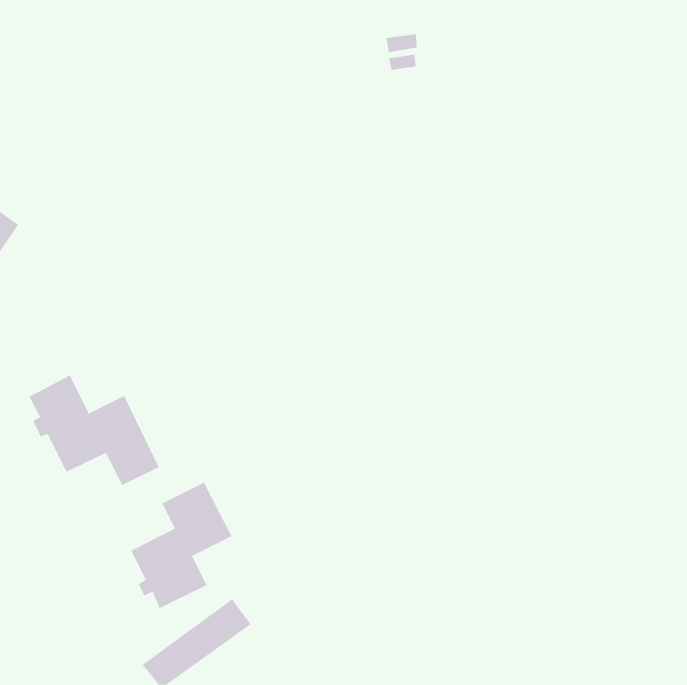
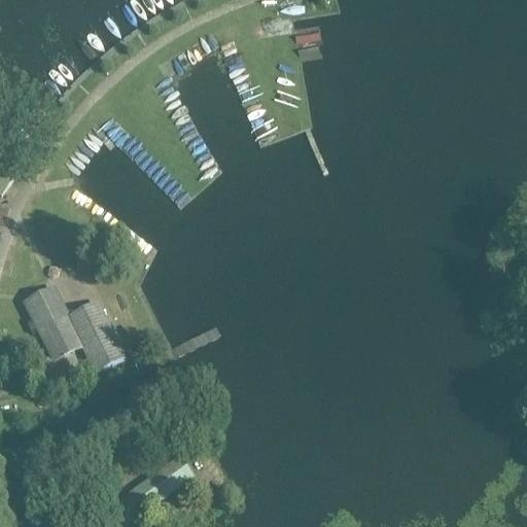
building: [130,482,232,609] -> none

